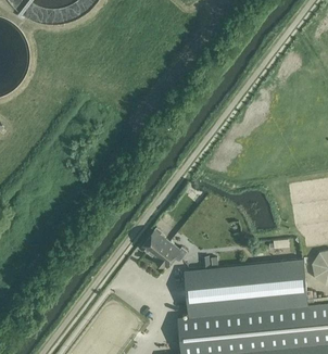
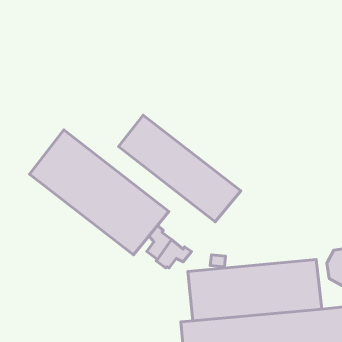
building: none -> [118,115,241,222]
building: none -> [29,130,169,255]

